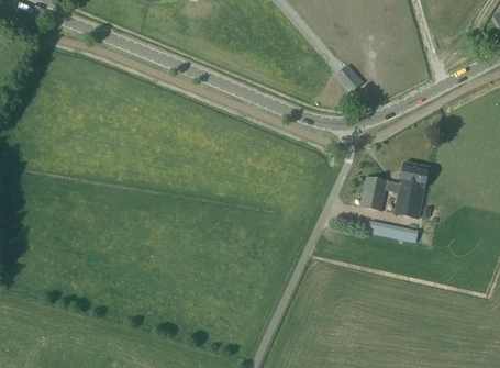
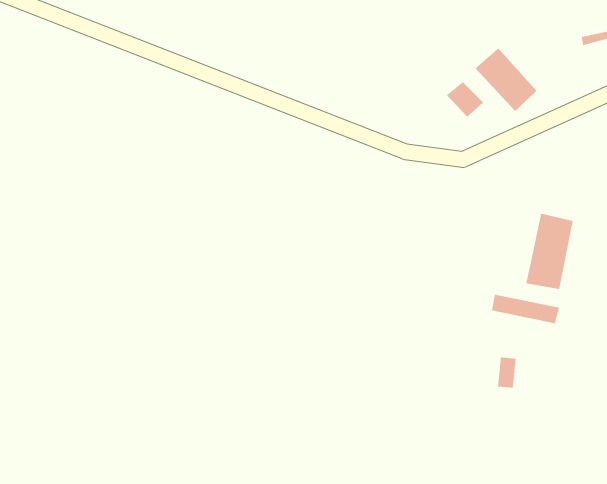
building: none -> [474,48,537,112]
building: [359,175,388,211] -> none

